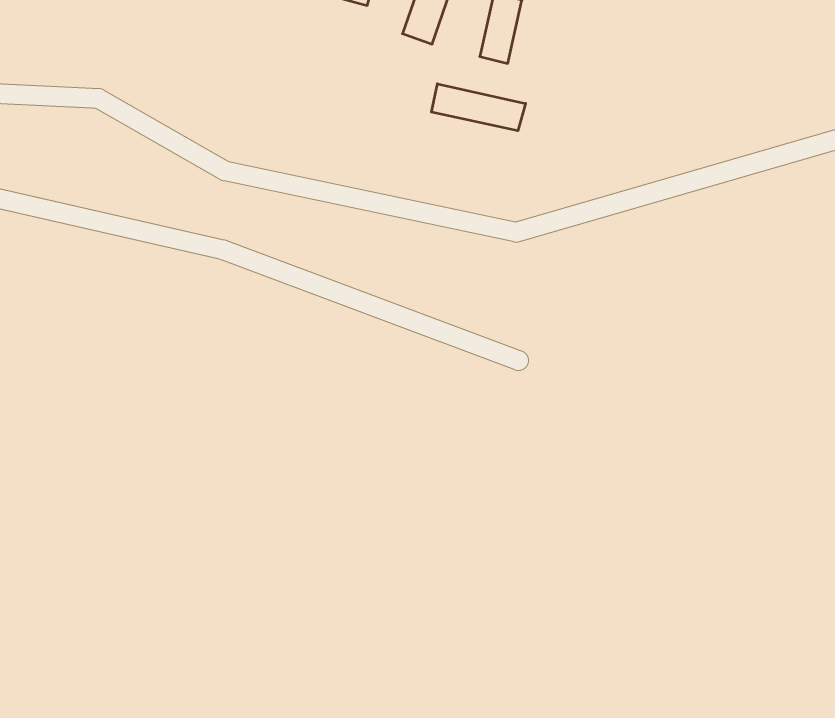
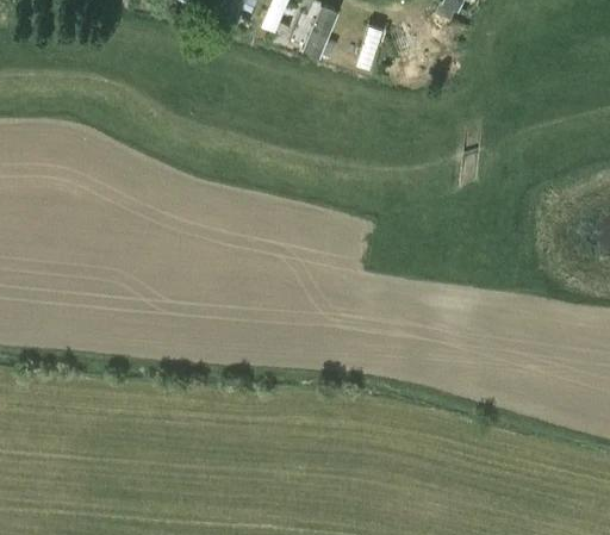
building: [431,84,526,131] -> none

